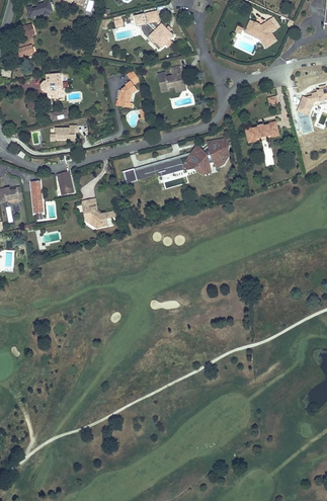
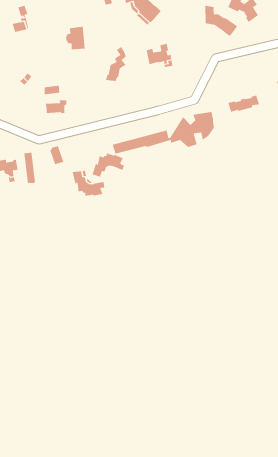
building: none -> [205,5,238,37]
building: [42,73,63,97] -> [65,26,85,50]
building: none -> [92,153,124,177]

